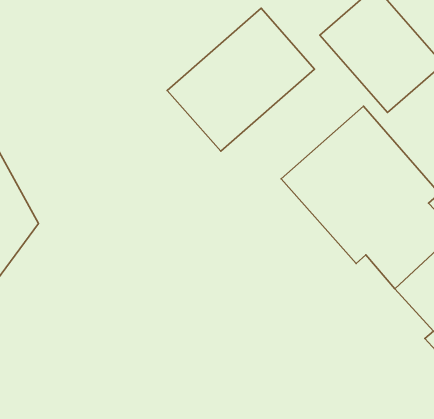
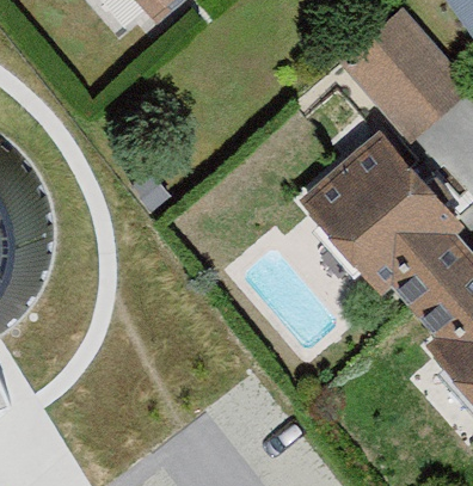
building: [167,8,315,151] -> none

